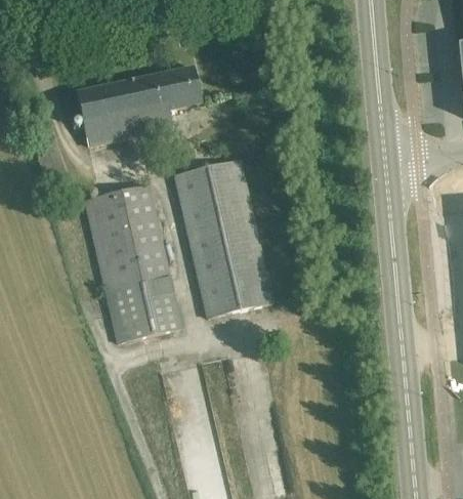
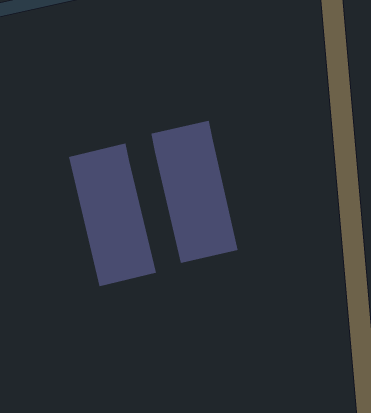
building: [77,66,201,144] -> none

